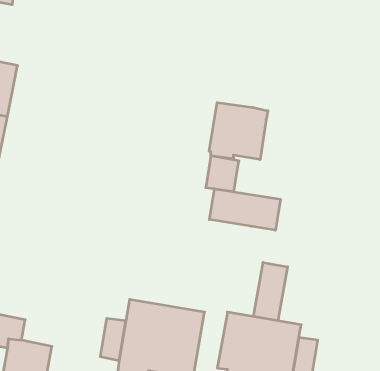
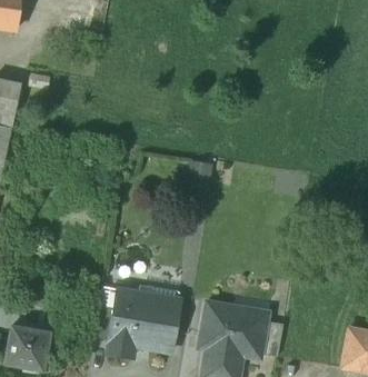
building: [209,103,268,160] -> none
building: [209,189,280,230] -> none
building: [253,262,288,321] -> none

